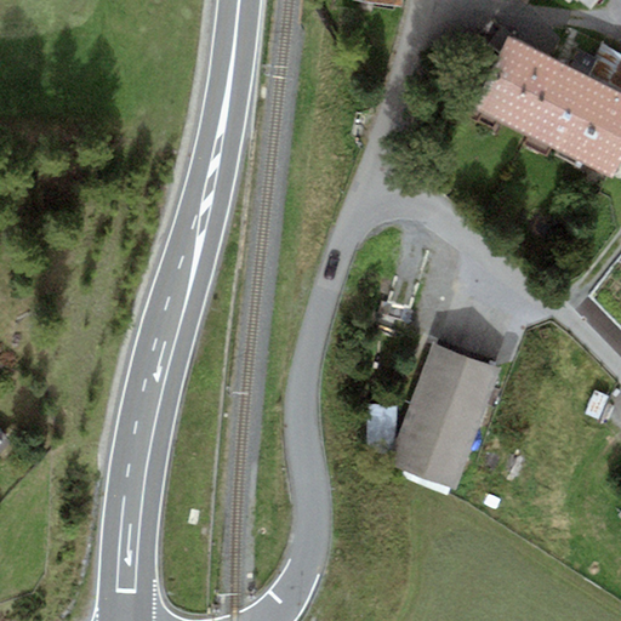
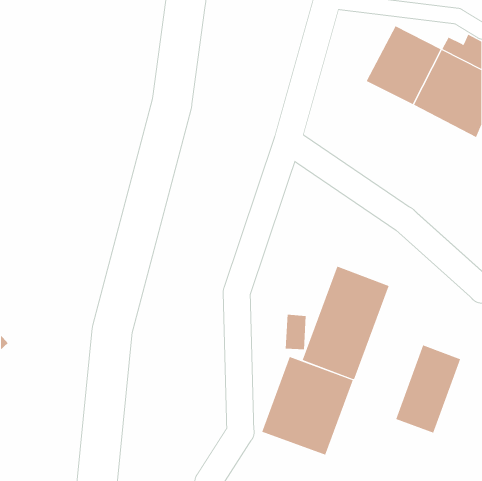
building: none -> [396,344,461,433]
building: none -> [261,356,354,456]

